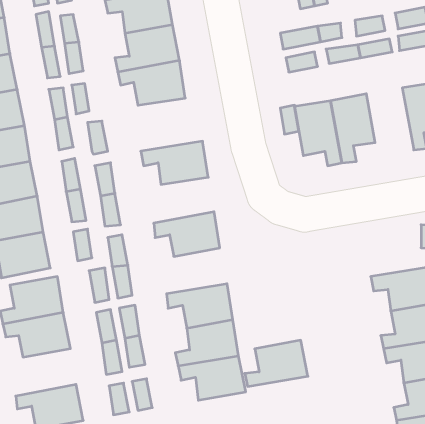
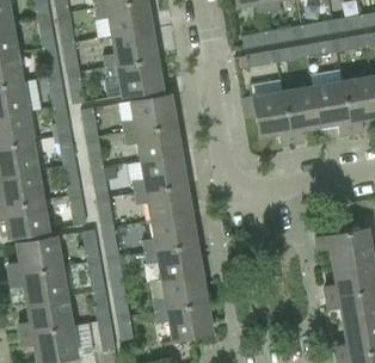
building: none -> [313,81,352,135]
building: none -> [123,96,177,134]
building: none -> [134,155,186,193]
building: [245,340,308,386] -> [145,214,197,252]
building: none -> [19,297,72,337]

